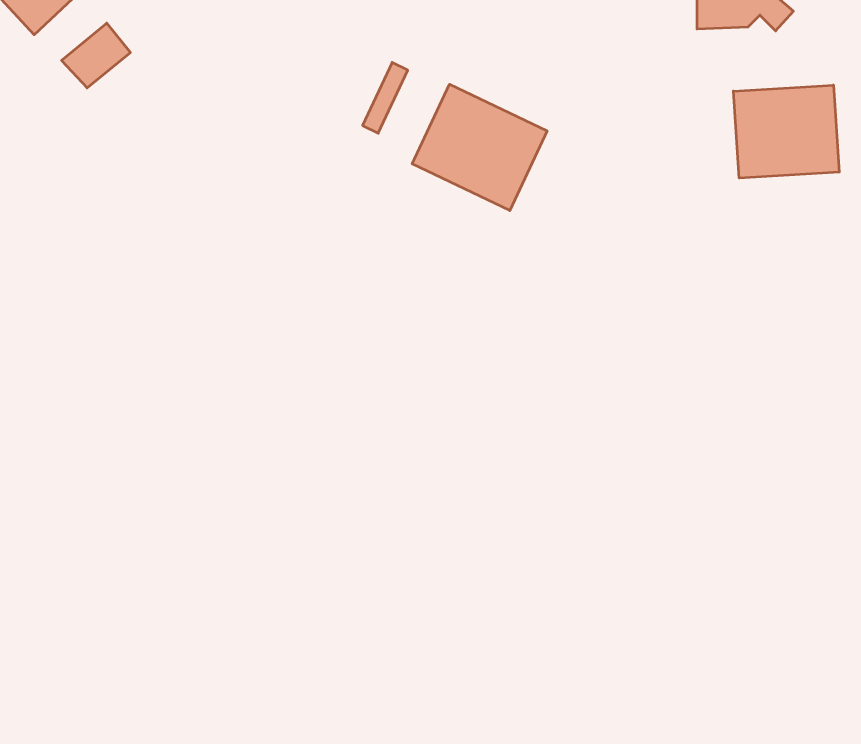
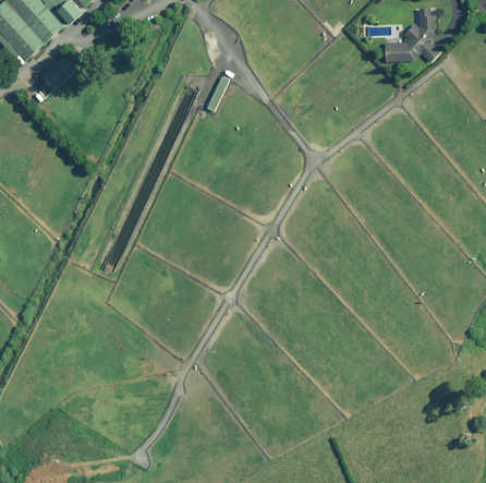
building: [412,84,547,211] -> none
building: [733,85,839,178] -> none

